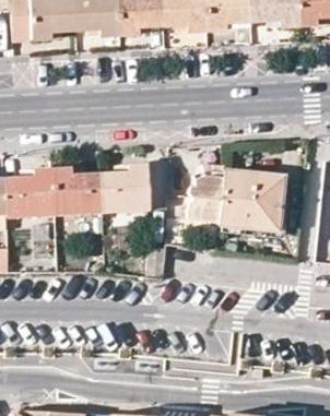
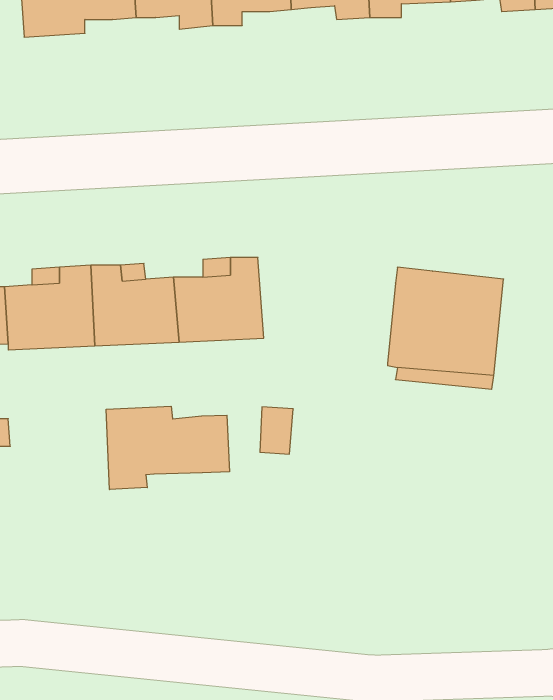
building: [186,169,221,223] -> none
building: none -> [106,406,229,490]

